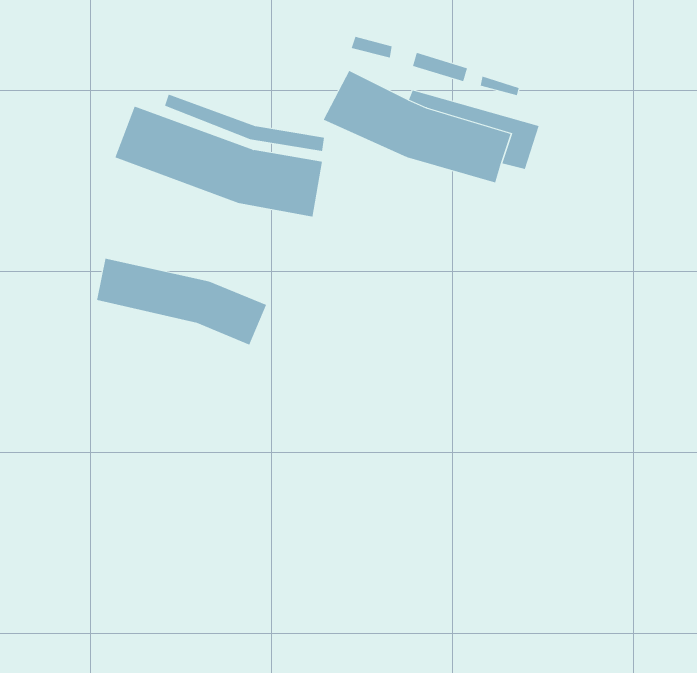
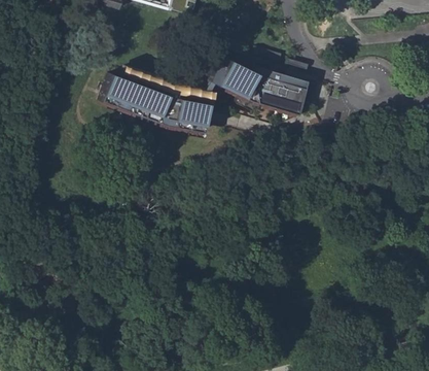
building: [96,258,267,346] -> none

